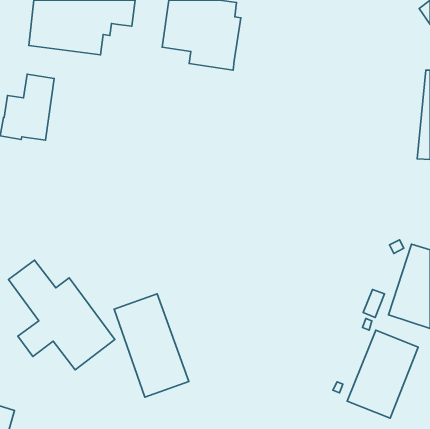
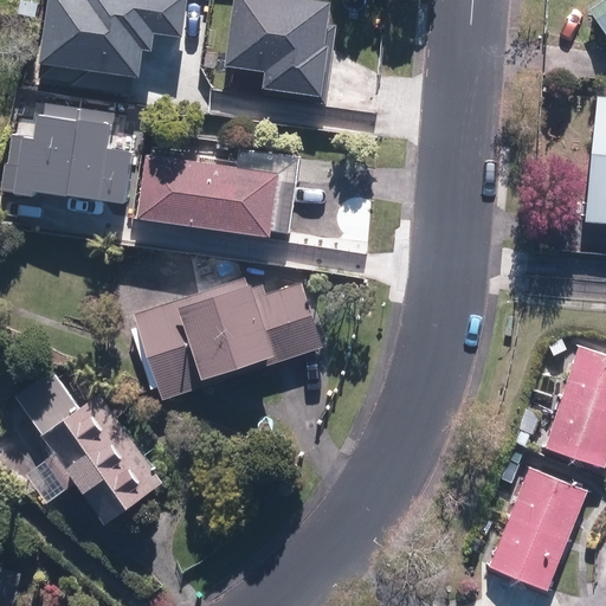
building: none -> [64,114,130,208]
building: none -> [140,155,279,236]
building: none -> [135,279,324,402]
building: [114,294,189,397] -> none

